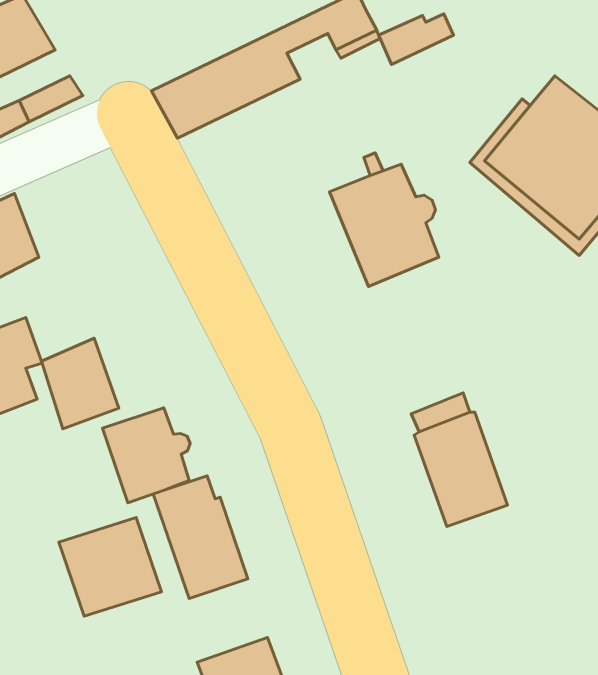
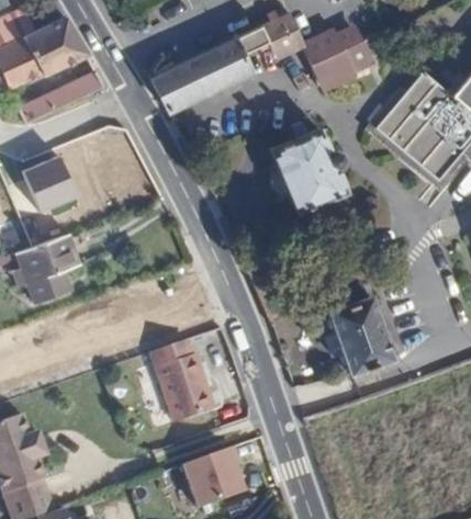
building: none -> [312,40,369,90]
building: [41,338,119,429] -> none
building: [102,408,190,503] -> none
building: [59,518,161,616] -> none

